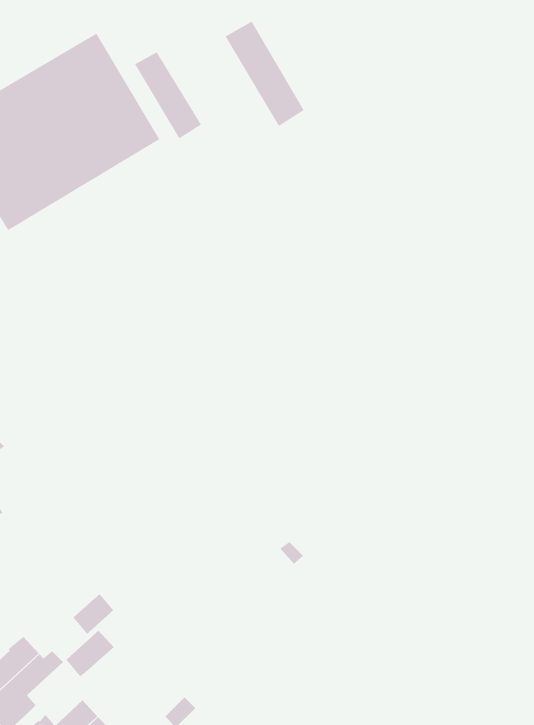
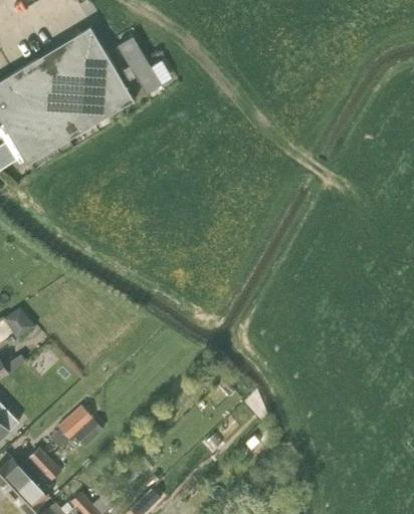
building: [225,21,304,127] -> none
building: [65,630,114,677] -> [57,406,91,439]

